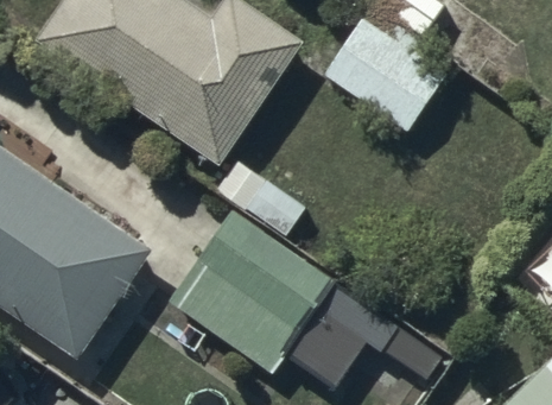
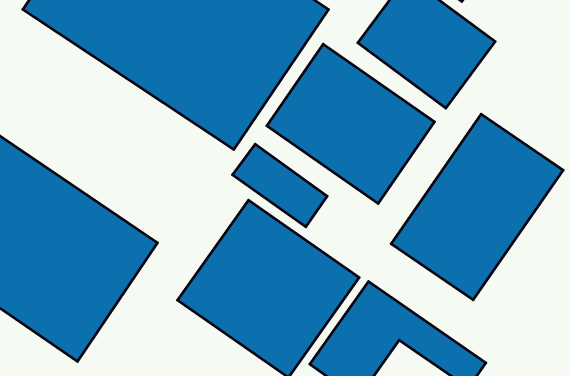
building: none -> [267,44,434,203]
building: none -> [391,114,563,300]

